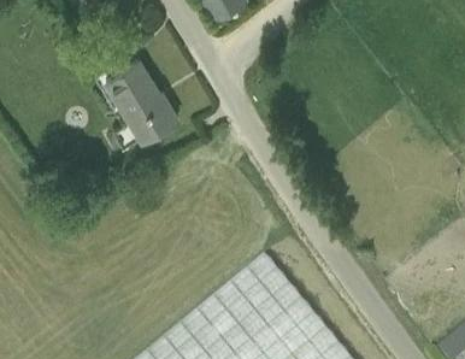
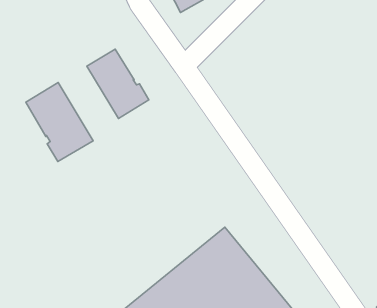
building: none -> [26,83,93,161]

